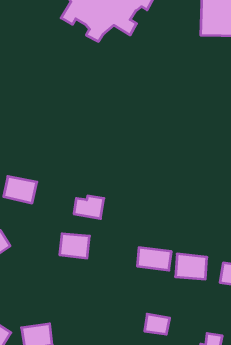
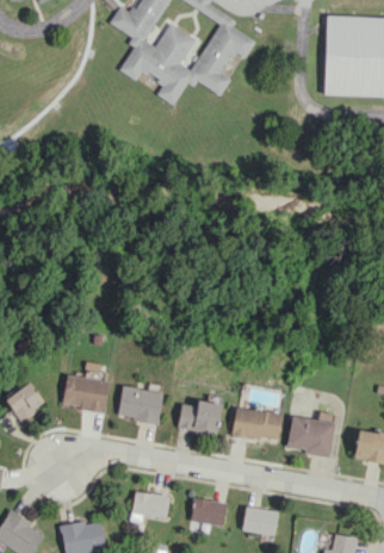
building: [4,176,37,203] -> [61,374,110,414]
building: [74,196,104,219] -> [176,400,221,434]
building: none -> [130,491,169,522]
building: none -> [191,498,225,526]

